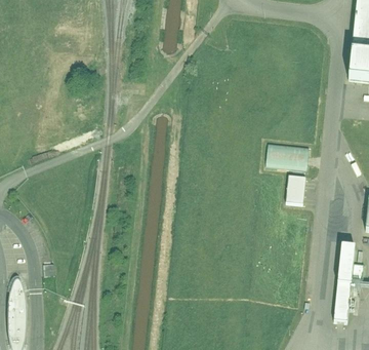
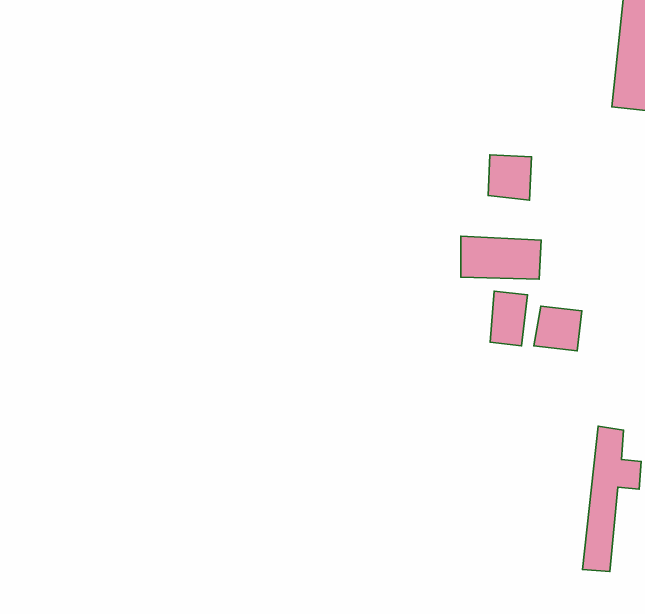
building: none -> [488,155,532,200]
building: none -> [534,306,582,351]

